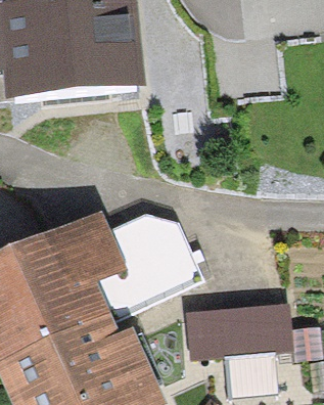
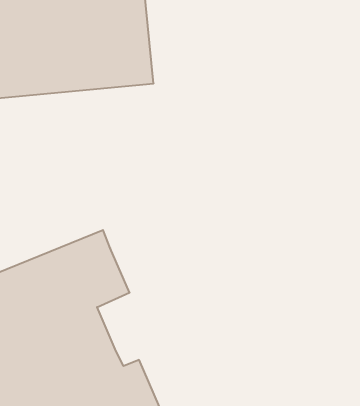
building: [98,212,200,315] -> none
building: [183,301,290,358] -> none

